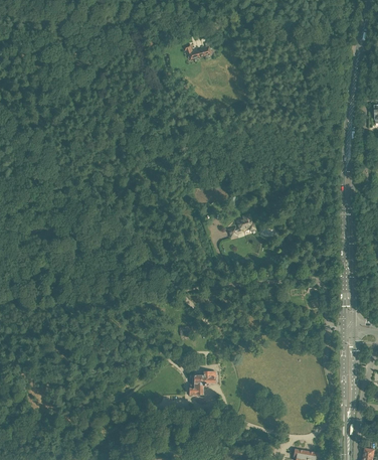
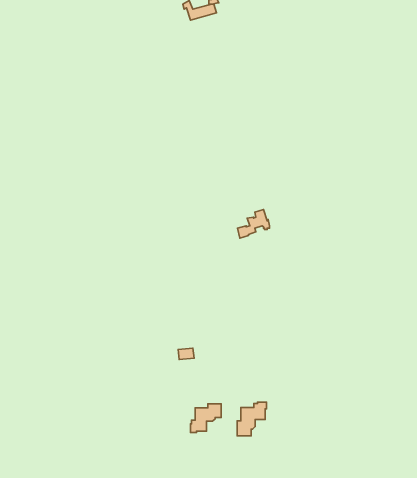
building: none -> [237,402,267,436]

